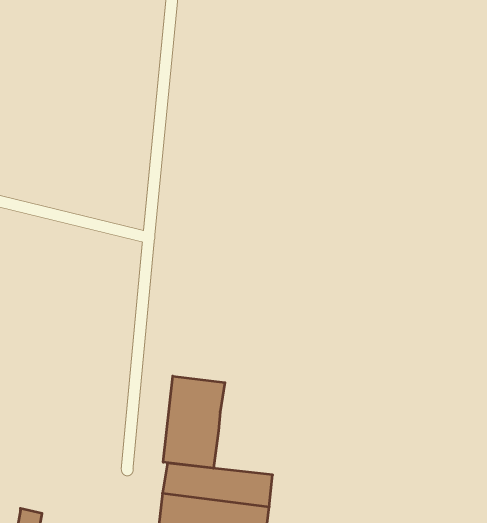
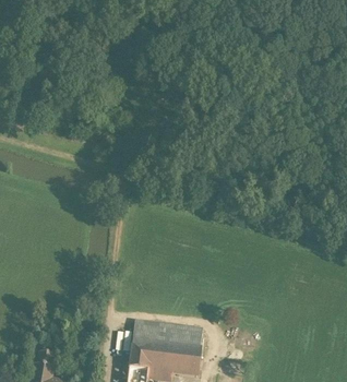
building: [163,376,225,468] -> none

